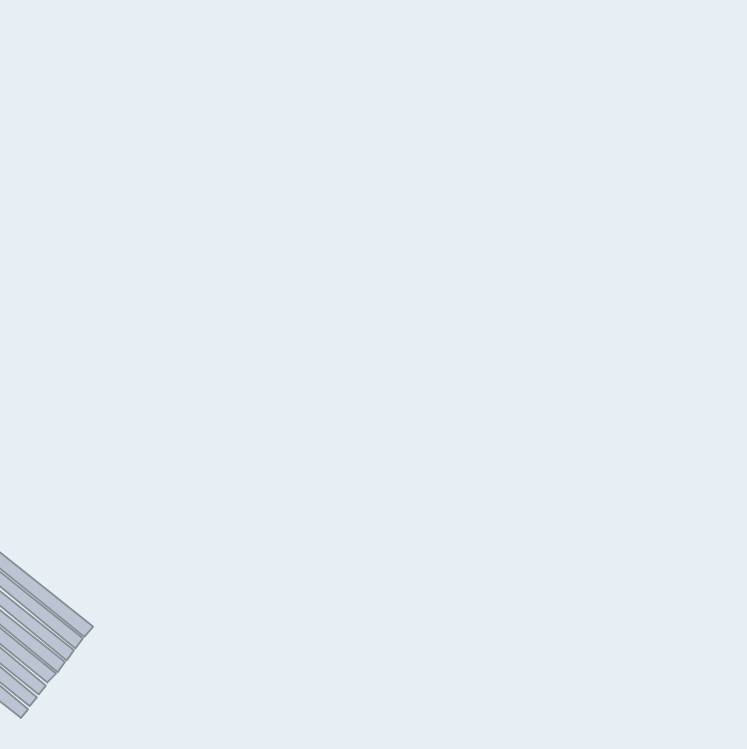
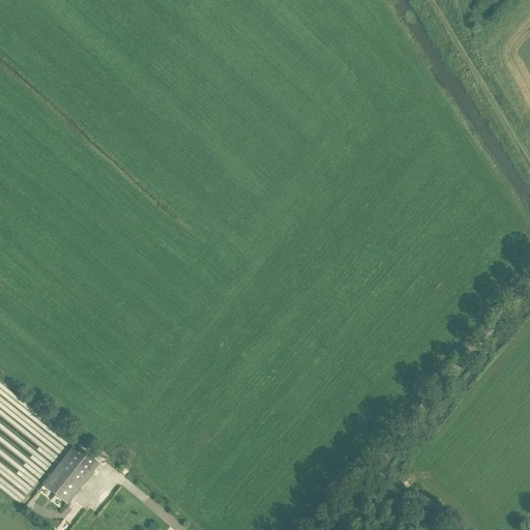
building: none -> [37,447,95,508]

